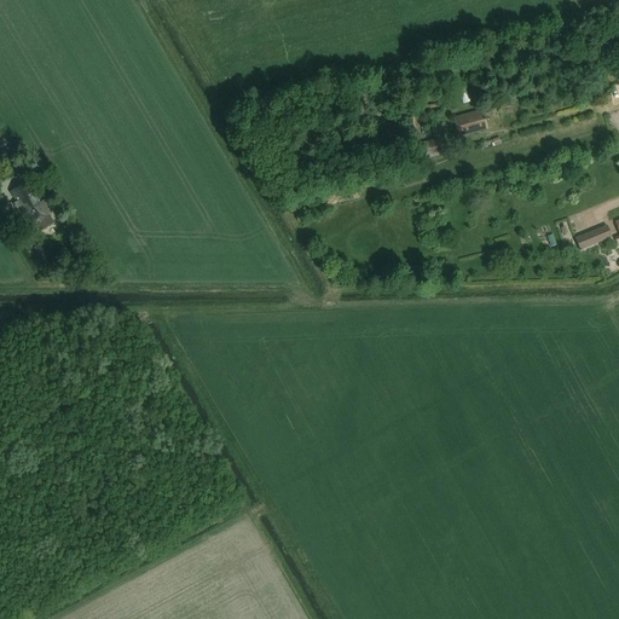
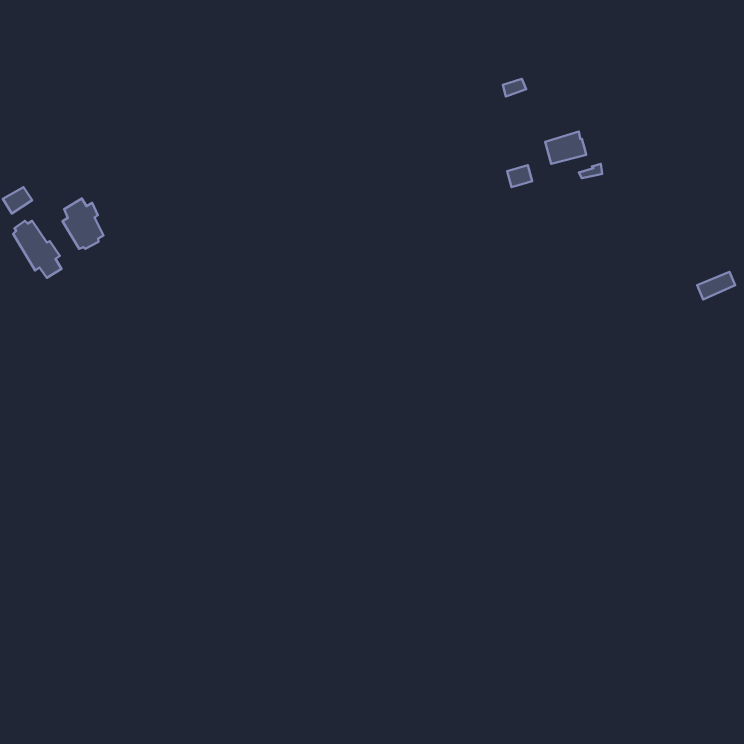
building: none -> [62,198,104,249]

